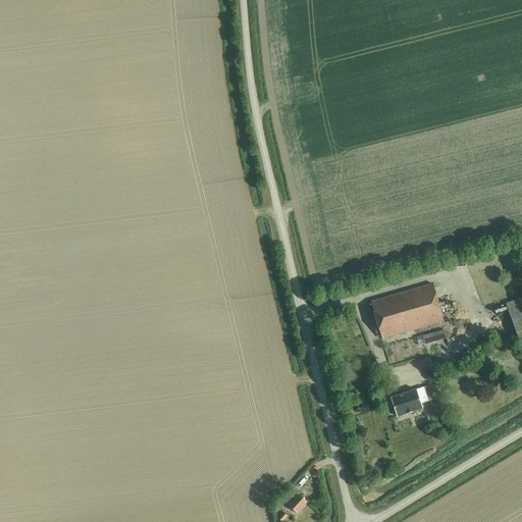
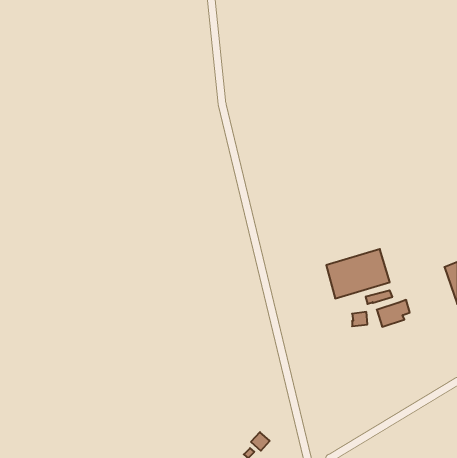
building: [392,386,429,417] -> [377,300,410,327]

